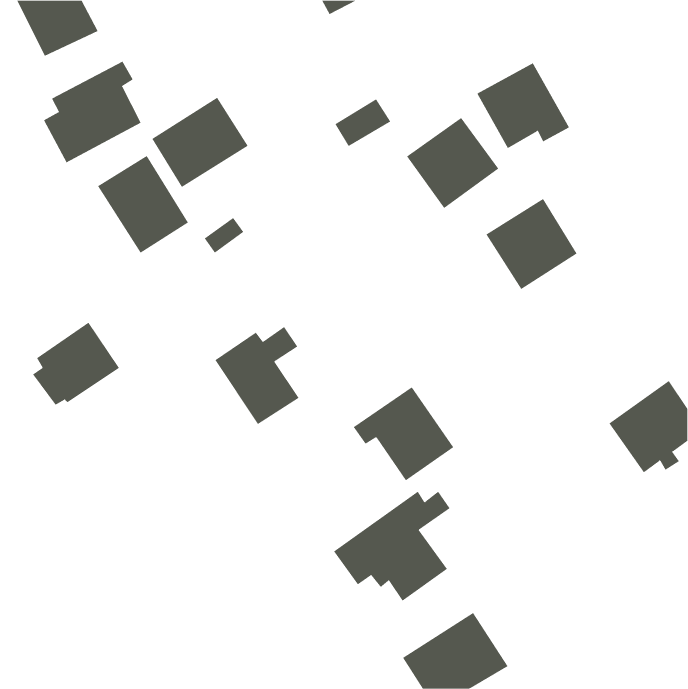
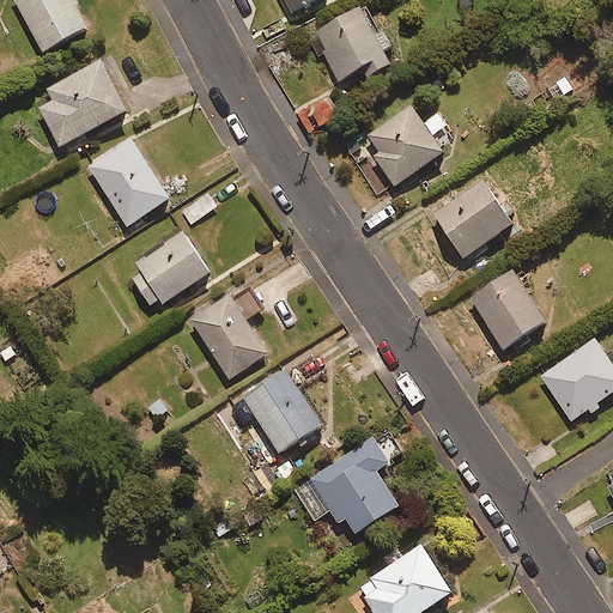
building: [477,63,570,149] -> [310,5,393,81]
building: [152,97,249,188] -> none
building: none -> [468,268,545,348]
building: [32,322,120,405] -> [131,231,208,305]
building: [353,387,454,481] -> [231,369,321,453]

